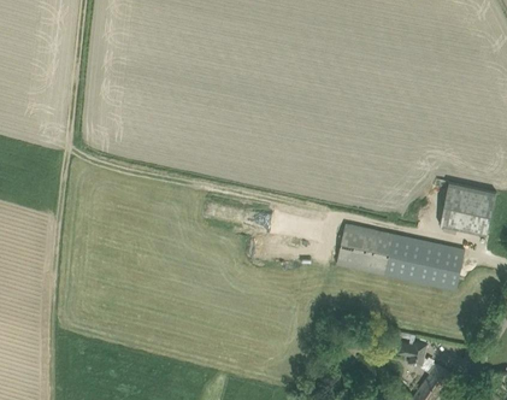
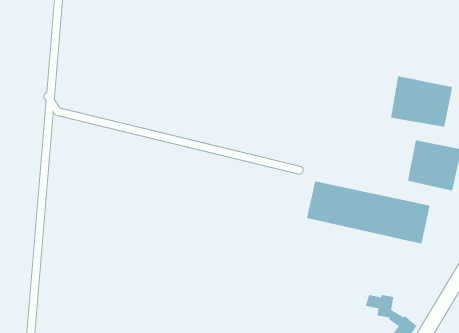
building: none -> [390,76,453,127]

